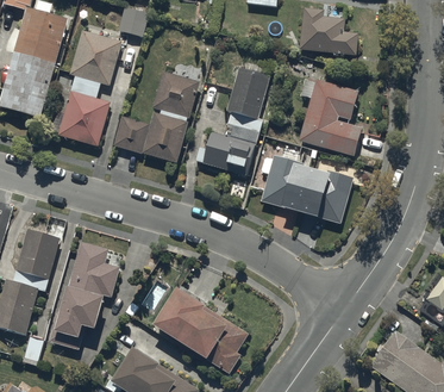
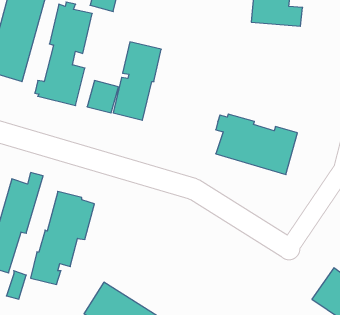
building: [195,68,269,175] -> none
building: [299,77,361,156] -> none
building: [152,287,248,375] -> none

